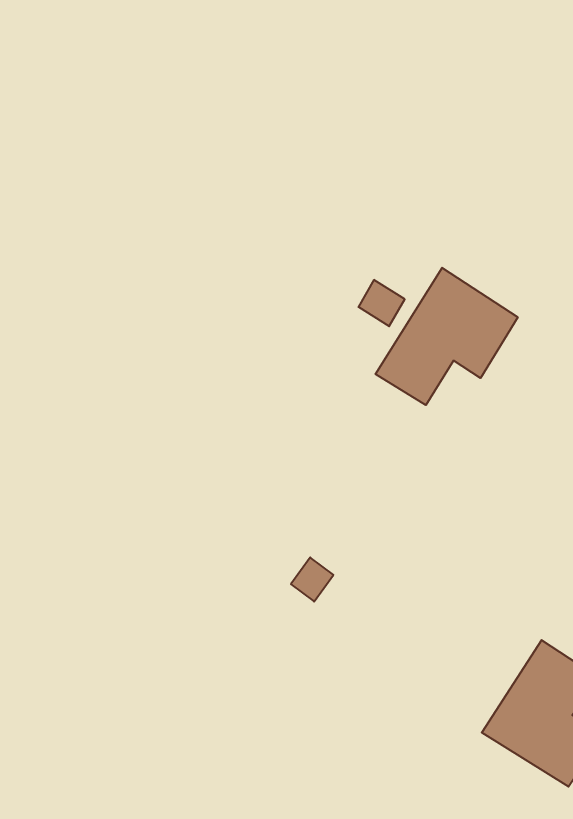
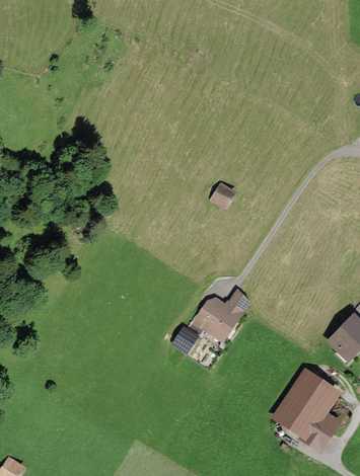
building: [376,268,518,405] -> none
building: none -> [196,292,249,340]

